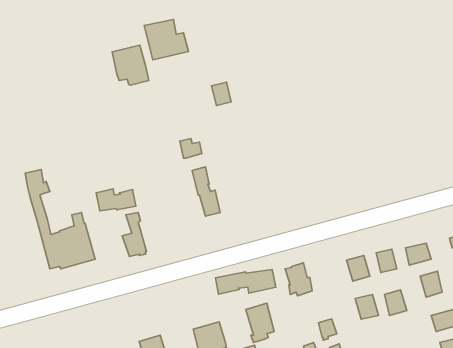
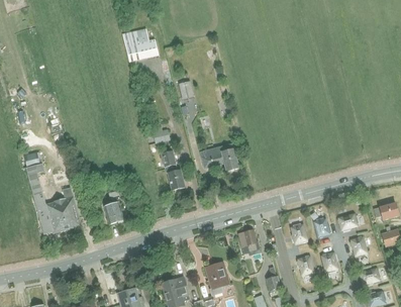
building: [112,45,149,85] -> none
building: none -> [201,143,239,171]
building: [96,189,136,211] -> none
building: [216,269,276,294] -> none

